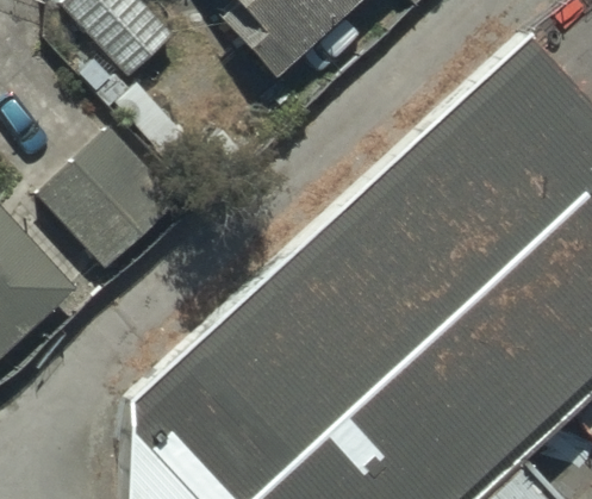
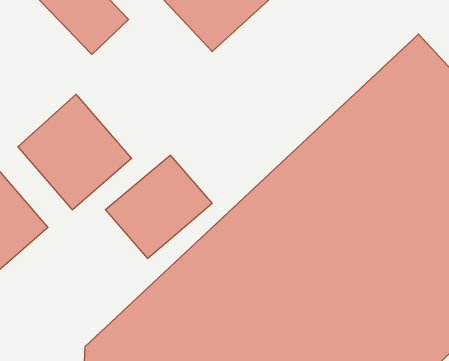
building: none -> [105,155,212,259]

